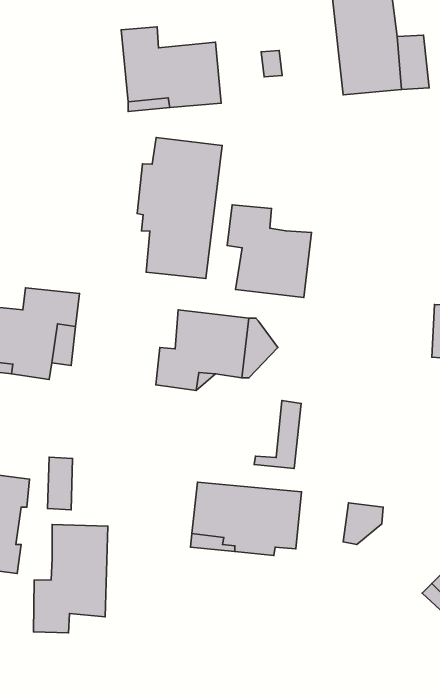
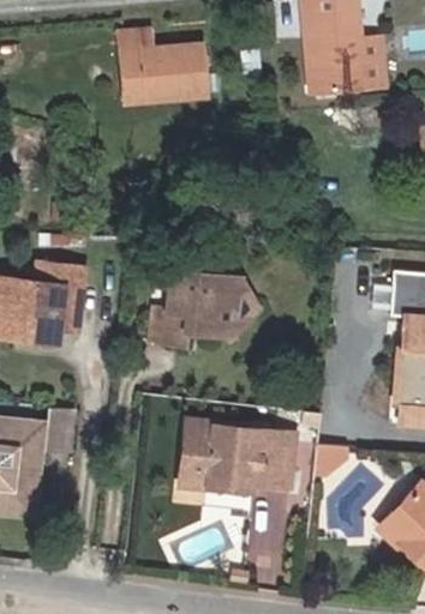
building: [137,138,222,278] -> none
building: [227,205,311,297] -> none
building: [254,401,301,469] -> [251,434,292,493]
building: [34,525,108,633] -> none

